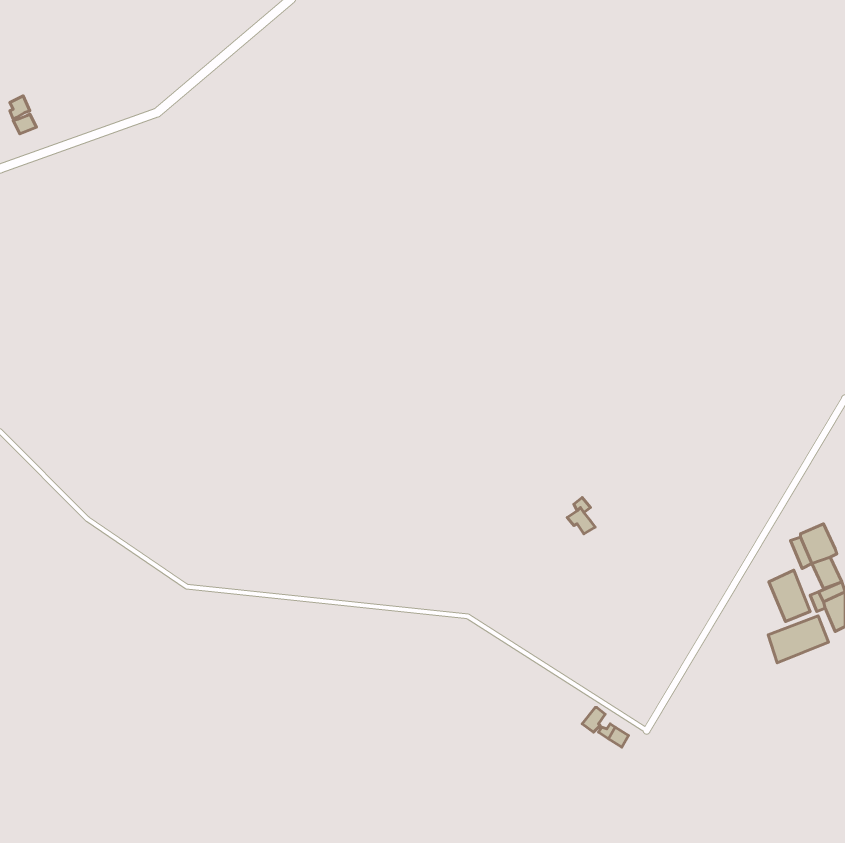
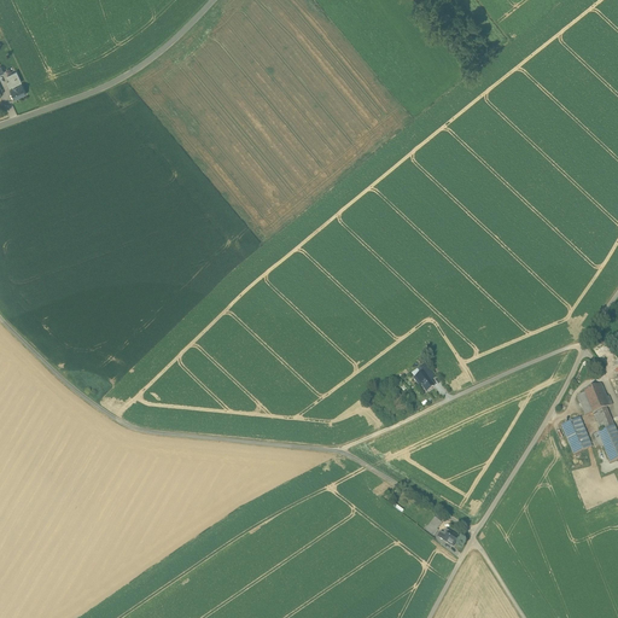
building: [768,616,829,663] -> none

